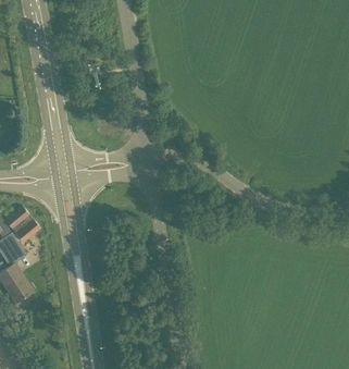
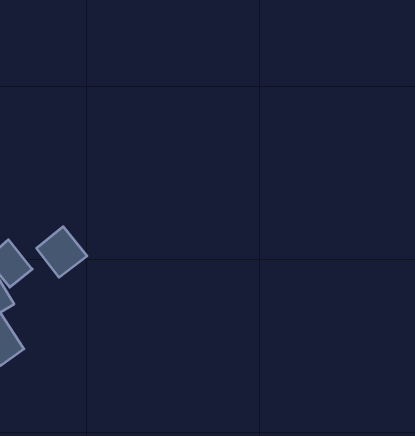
building: none -> [37,227,87,277]

